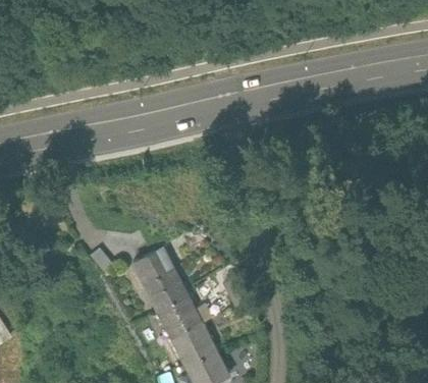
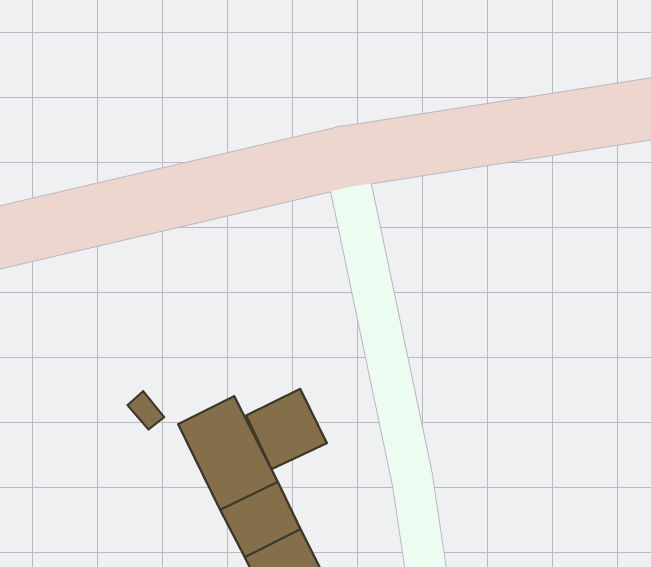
building: none -> [246,389,327,469]

